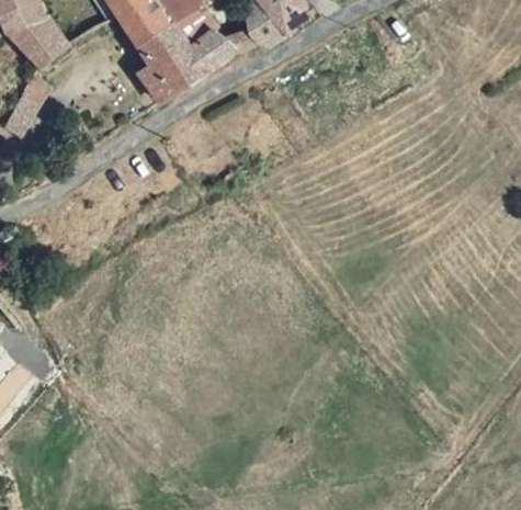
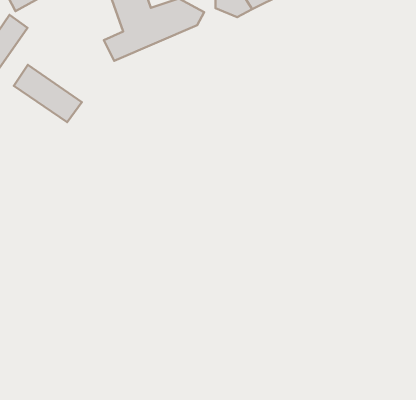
building: none -> [14,65,82,122]

